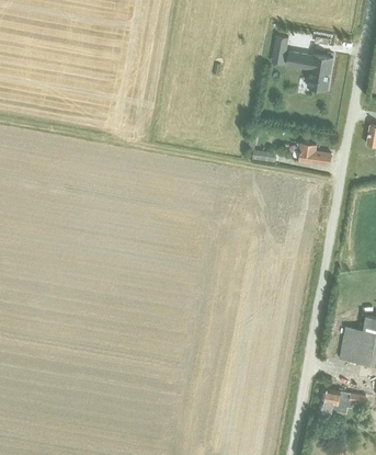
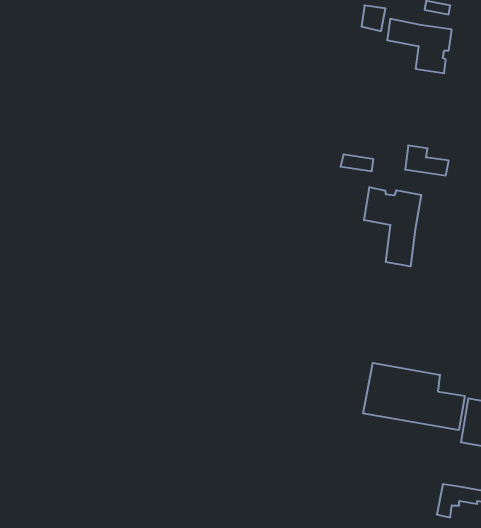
building: none -> [364,187,421,266]
building: none -> [363,363,465,430]

